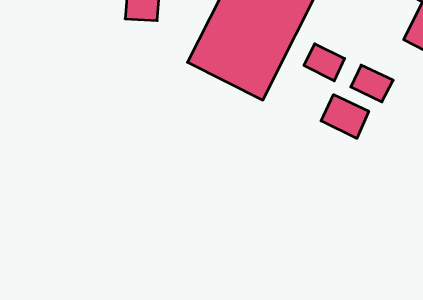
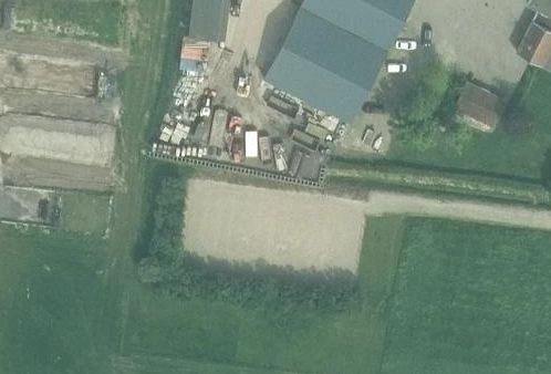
building: [304,44,345,81] -> none
building: [321,95,369,138] -> none

